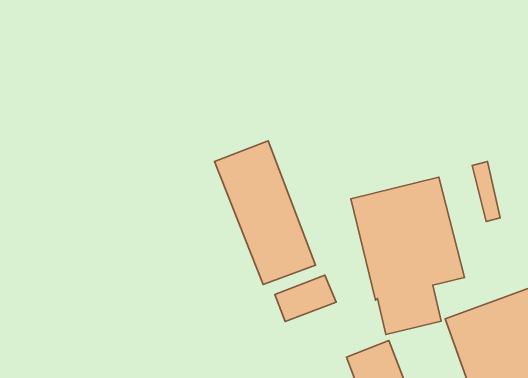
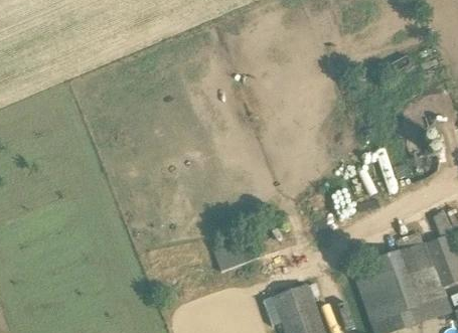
building: [215,141,315,285] -> none
building: [351,177,464,334] -> none

